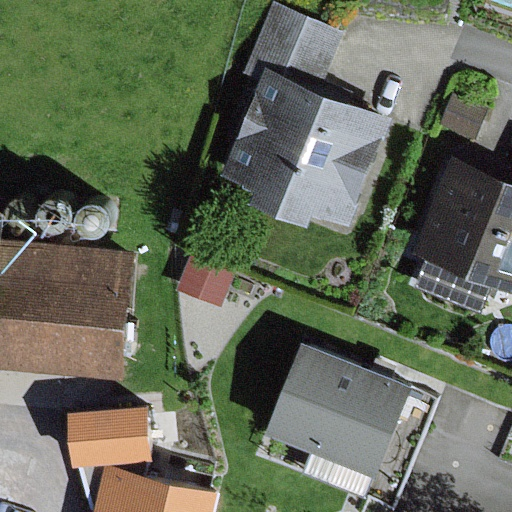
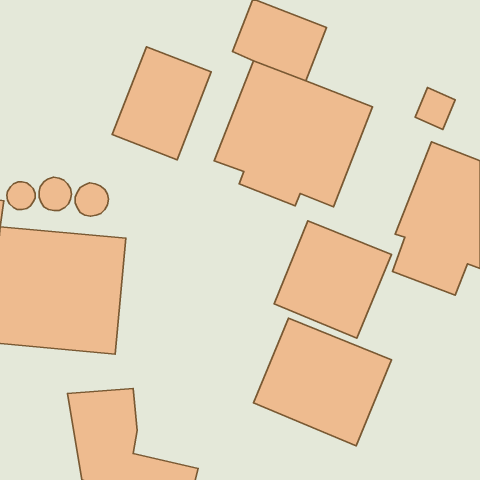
building: none -> [112,47,211,160]
building: none -> [274,221,391,338]

